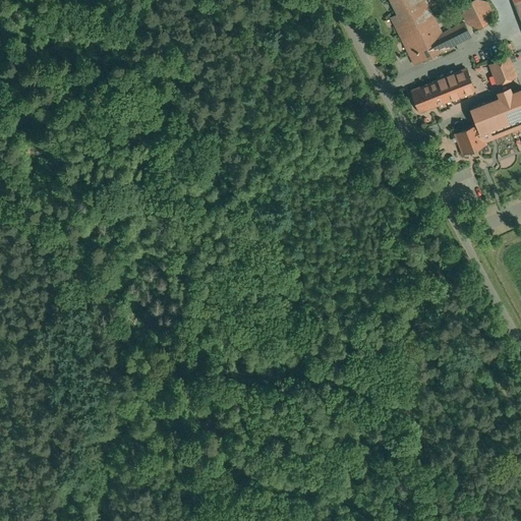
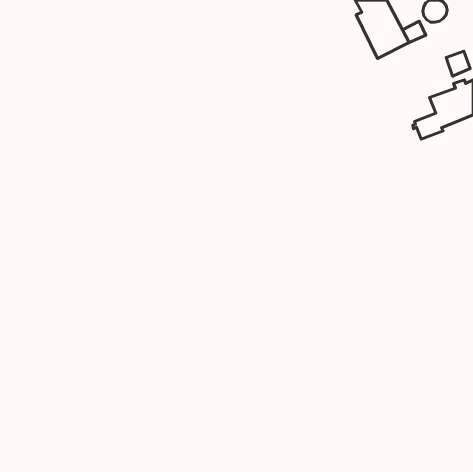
building: [412,69,474,112] -> none

